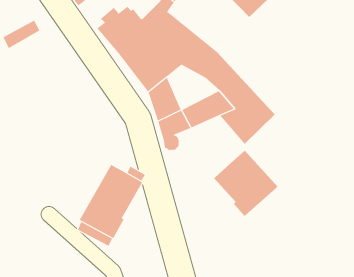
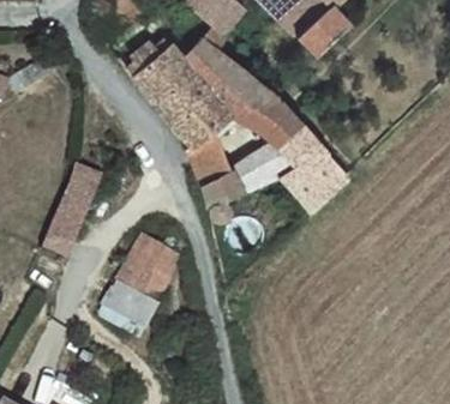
building: none -> [42,164,101,257]
building: [213,150,278,216] -> none

